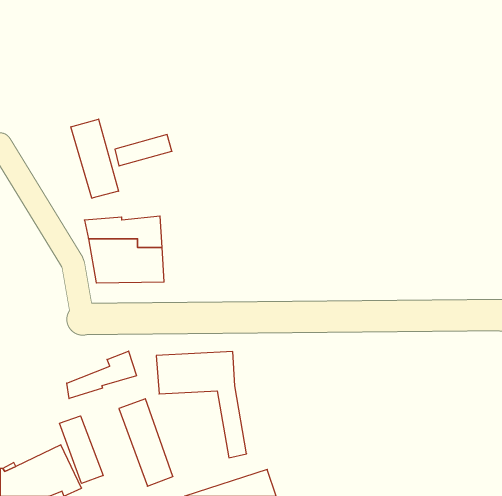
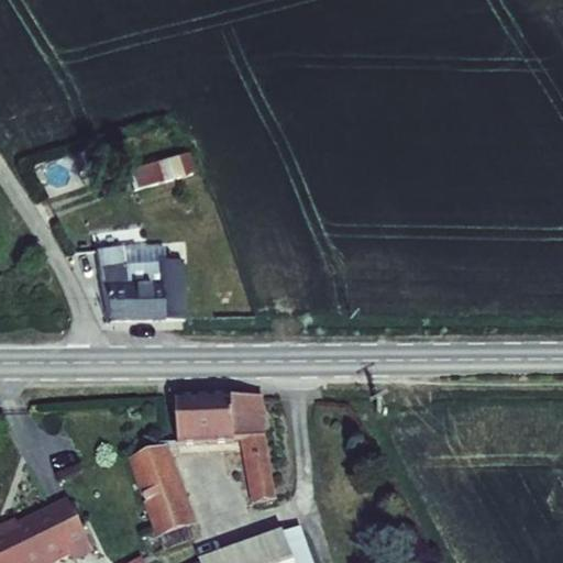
building: [71,119,119,198] -> none
building: [67,351,136,399] -> none
building: [59,416,103,483] -> none

